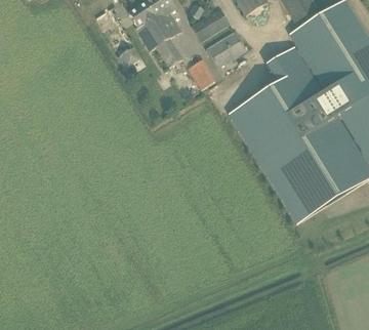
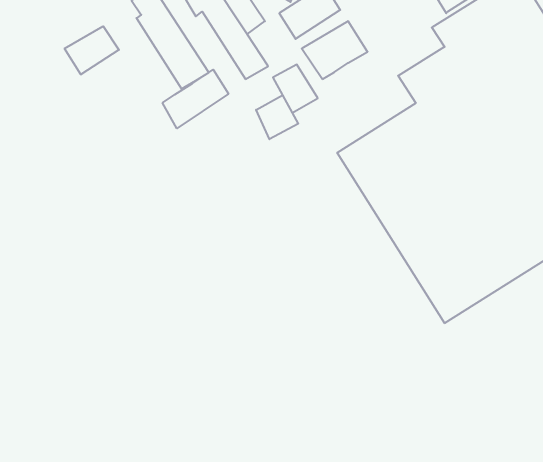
building: none -> [65,26,119,75]
building: none -> [163,70,228,128]
building: none -> [256,95,298,139]

